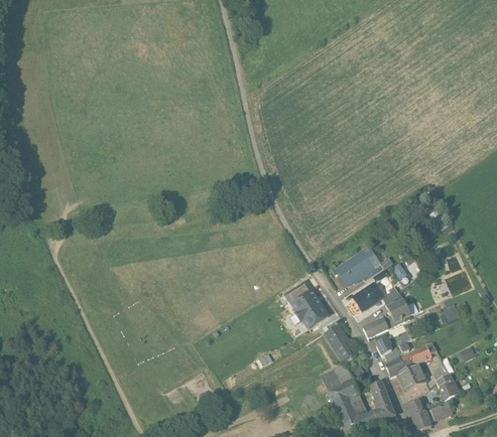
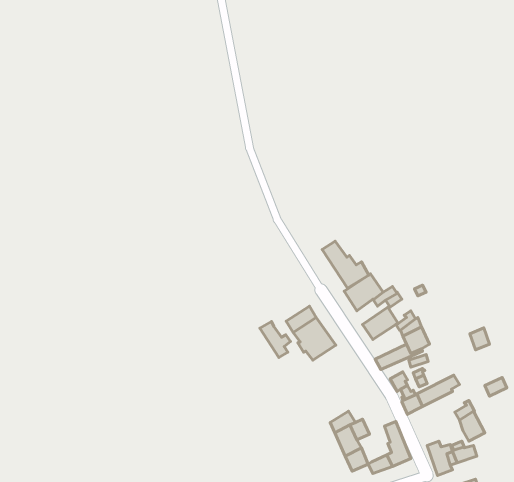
building: none -> [322,241,369,288]
building: none -> [260,321,290,357]
building: [325,324,351,360] -> none
building: [399,362,425,391] -> none

